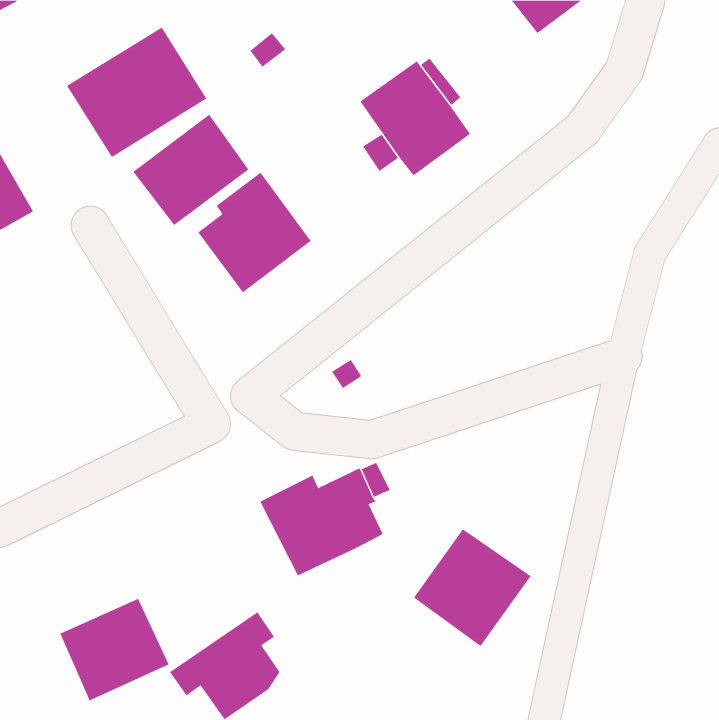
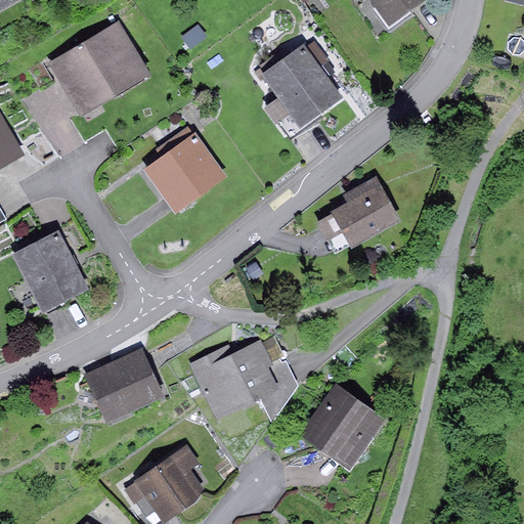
building: [132,114,249,226] -> none
building: none -> [316,176,401,255]
building: none -> [12,230,88,312]
building: [59,598,169,701] -> [85,349,165,424]

